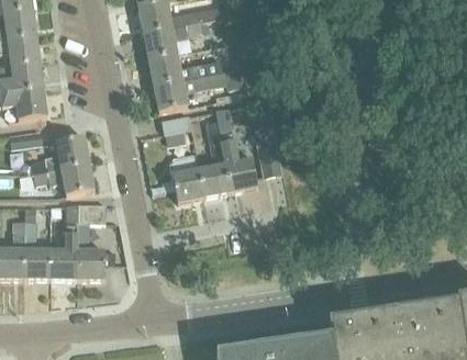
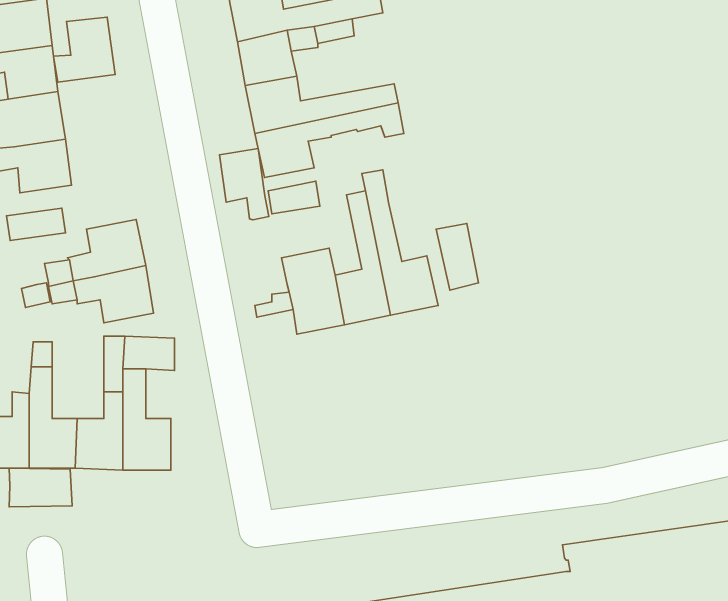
building: none -> [54,17,115,82]
building: none -> [219,149,269,220]
building: none -> [9,468,72,507]

